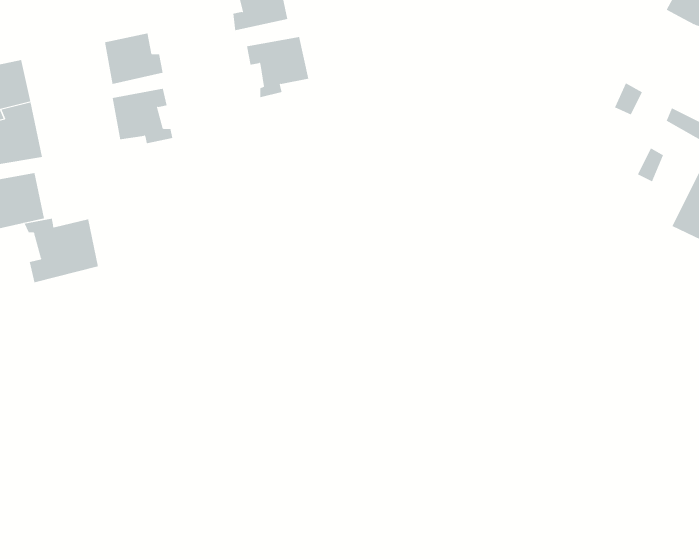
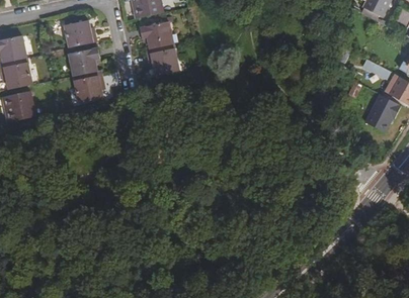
building: none -> [147,42,178,75]
building: none -> [73,73,103,102]
building: [24,218,99,283] -> none

